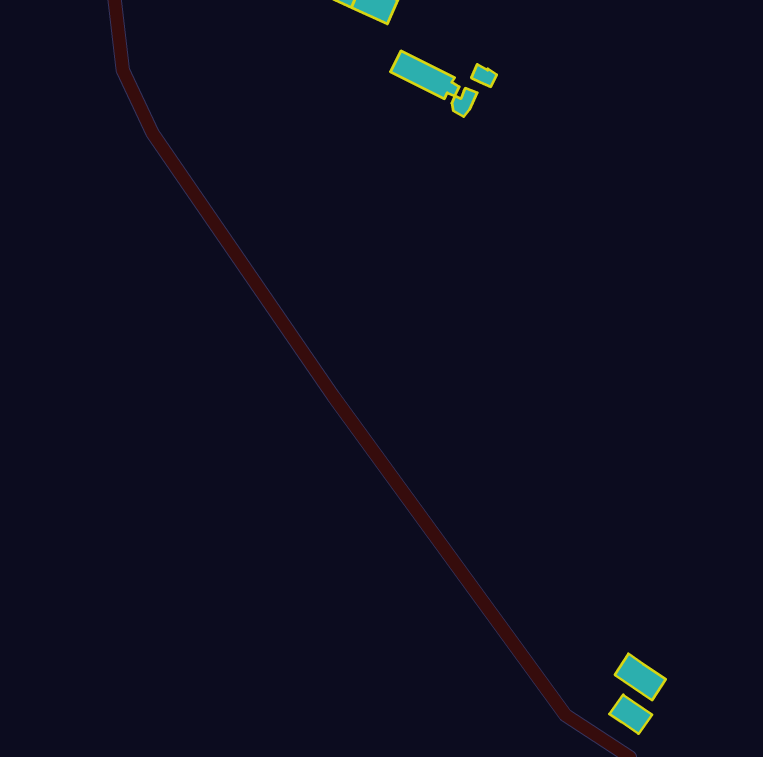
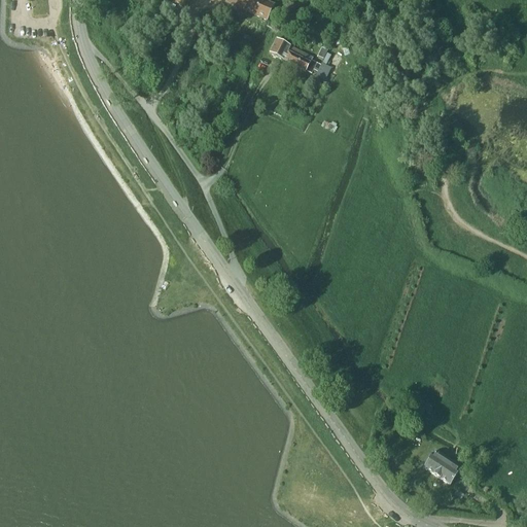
building: [609,695,652,734] -> none

